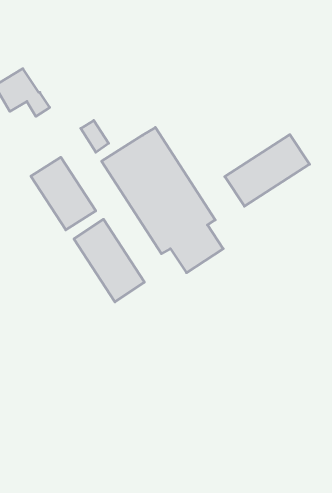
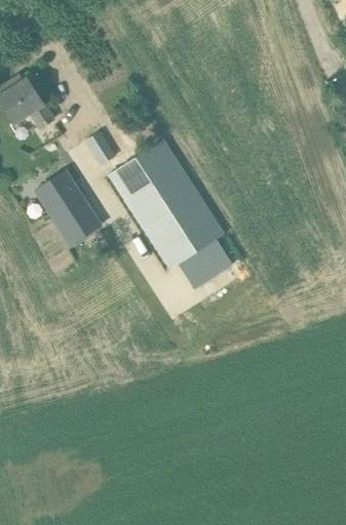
building: [225,135,310,206] -> none
building: [74,219,144,302] -> none

